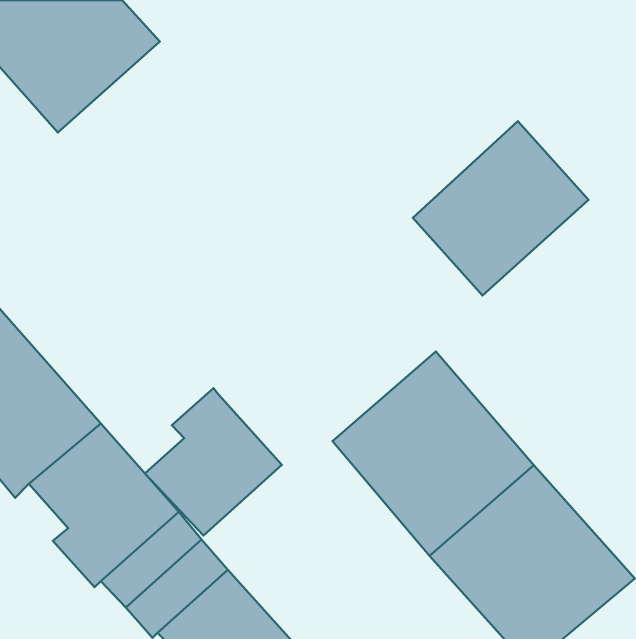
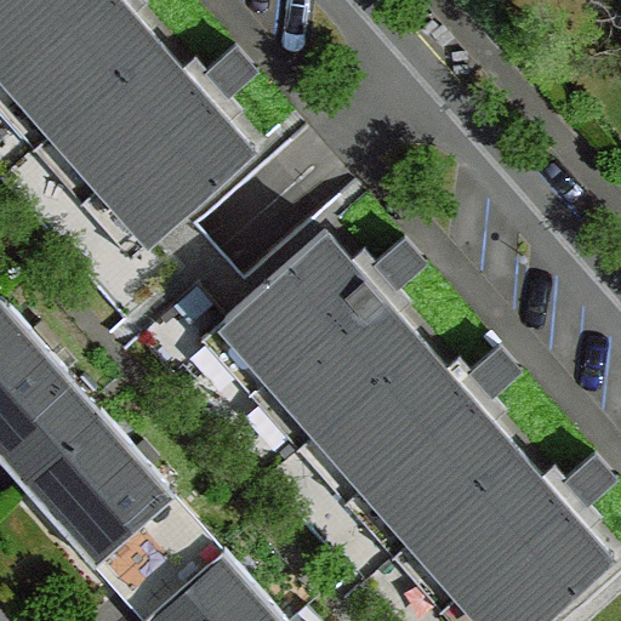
building: none -> [56,45,250,241]
building: [413,121,589,295] -> none
building: none -> [223,237,420,429]
building: [145,388,282,535] -> none

